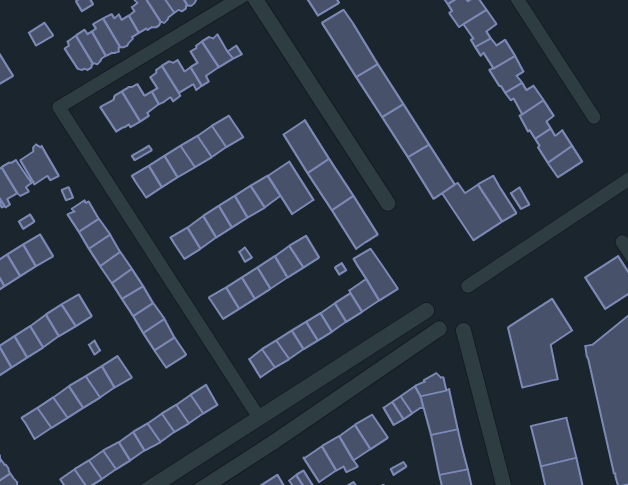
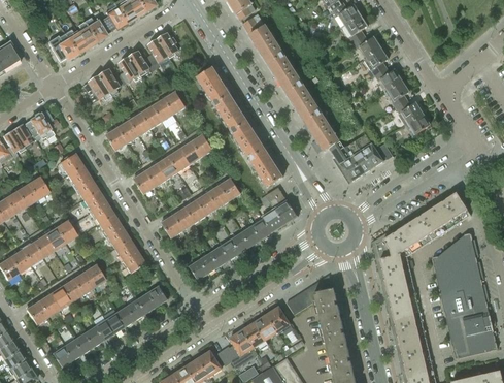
building: [268,161,314,214] -> [197,66,230,104]
building: none -> [408,208,446,246]
building: none -> [387,281,418,315]

